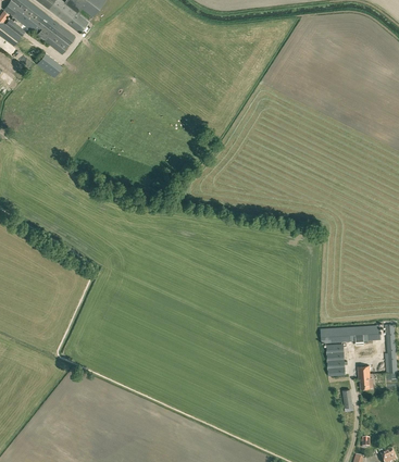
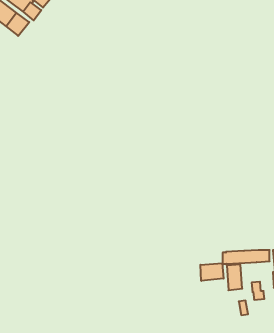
building: none -> [200,263,224,281]

